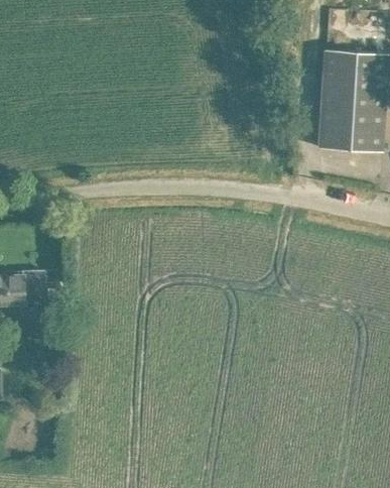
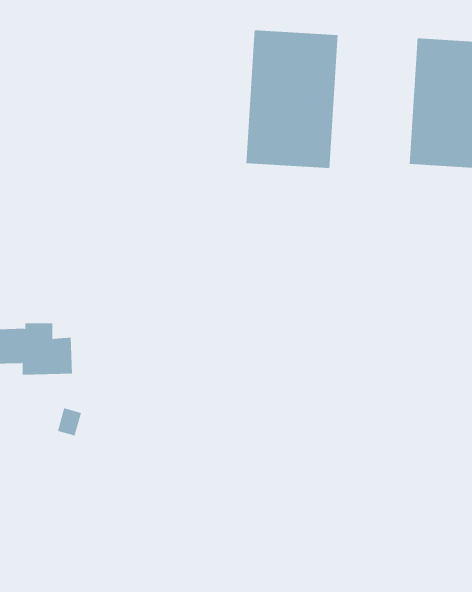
building: none -> [246,29,338,169]

